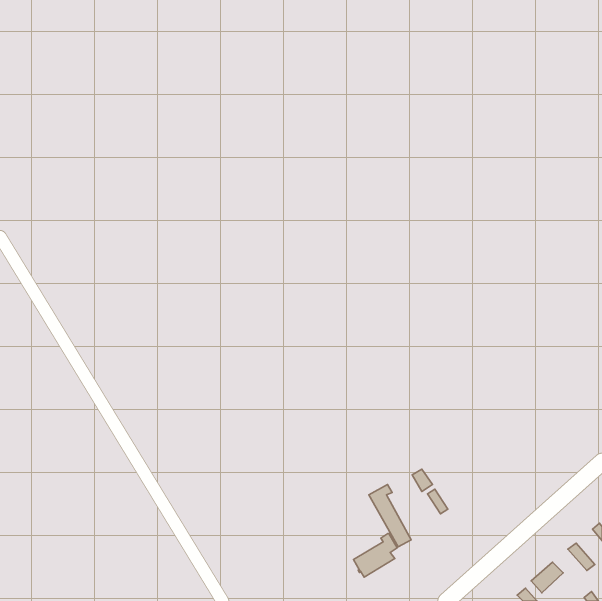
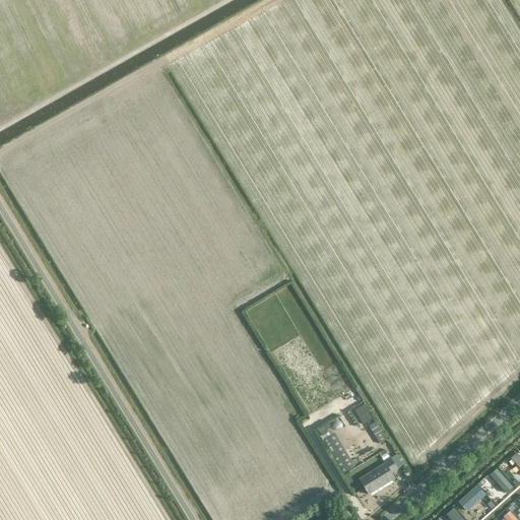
building: [354,534,397,577] -> [360,456,397,494]

